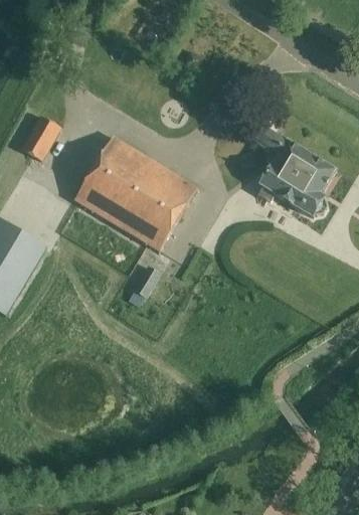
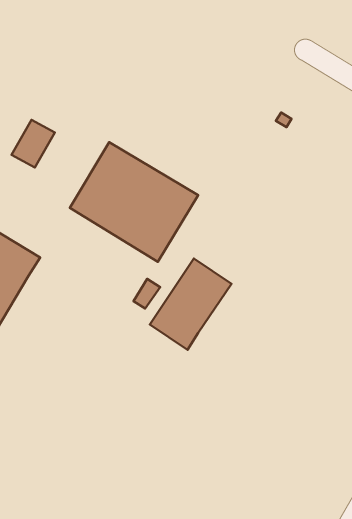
building: [254,126,335,216] -> none
building: none -> [150,258,232,350]

